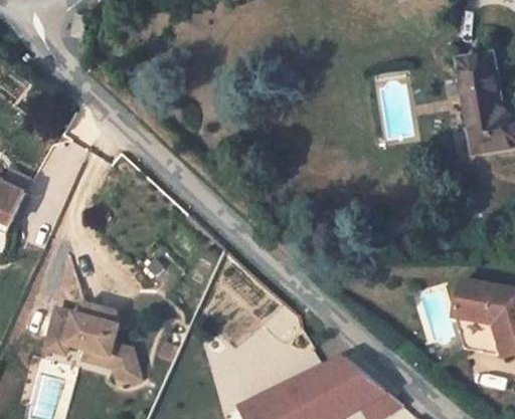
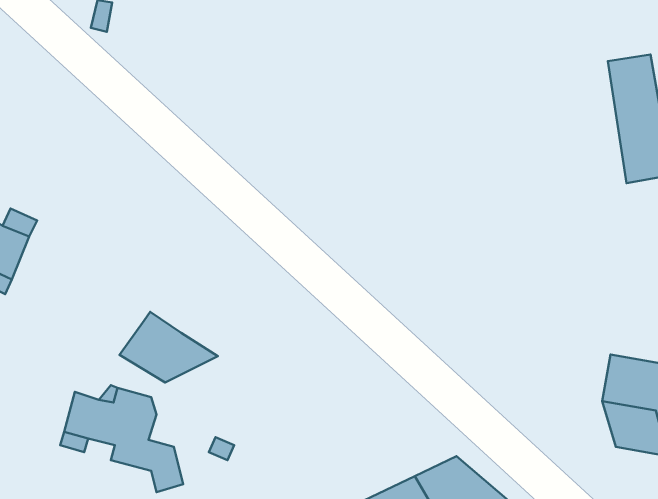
building: none -> [120,312,218,382]

